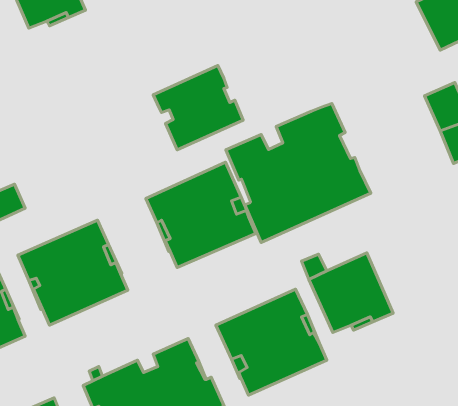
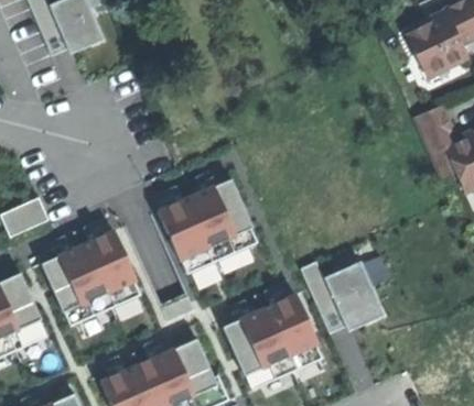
building: [153,65,243,150] -> none
building: [226,103,371,243] -> none

